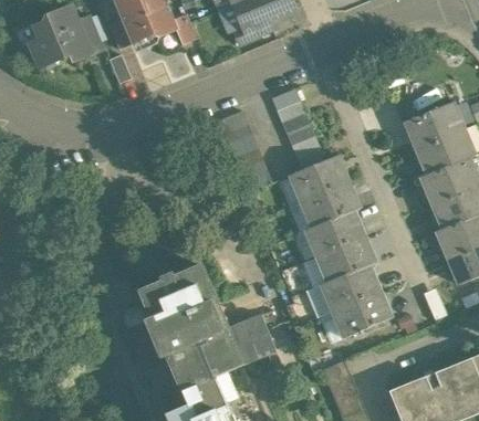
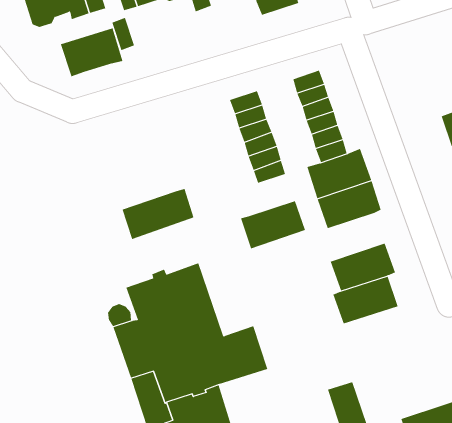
building: none -> [60,27,123,77]
building: none -> [122,188,194,240]
building: [304,210,363,255] -> [240,201,306,249]
building: [331,291,389,337] -> none

